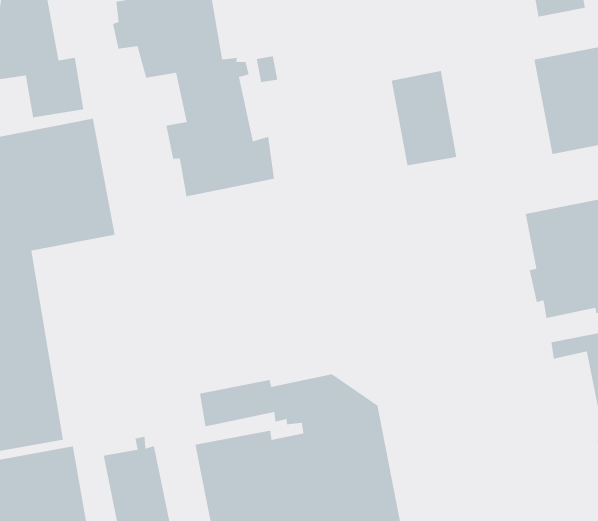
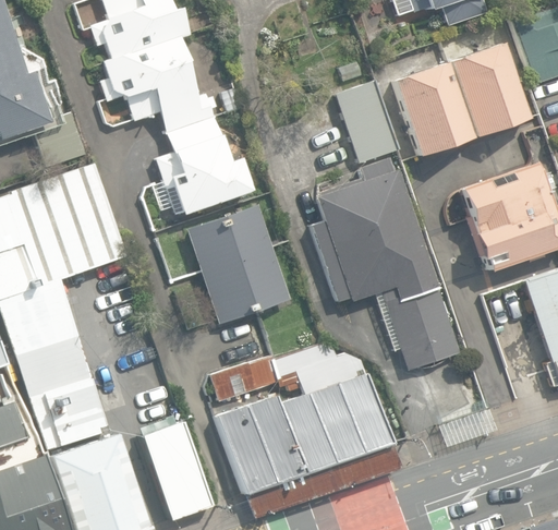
building: none -> [392,64,474,157]
building: none -> [312,157,463,371]
building: none -> [187,205,290,323]

